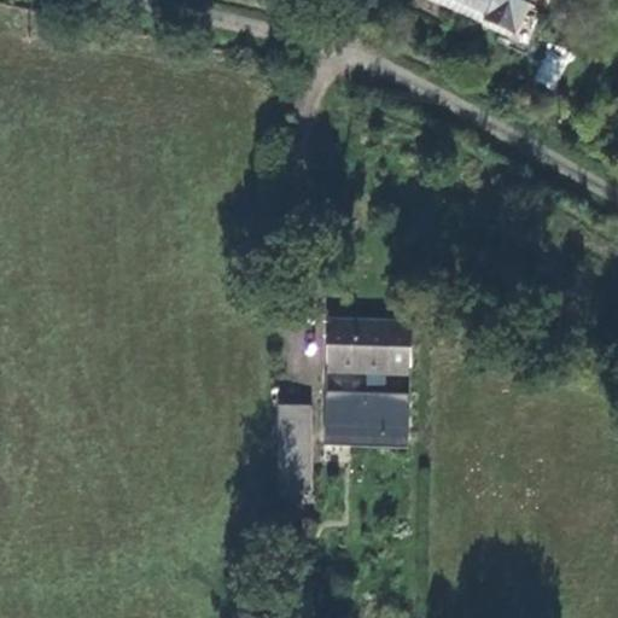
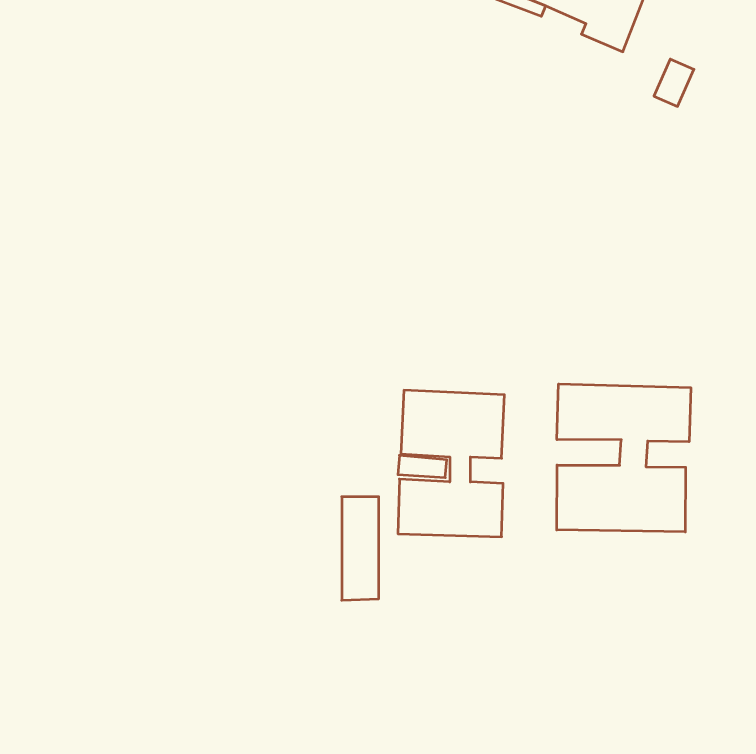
building: none -> [557,384,691,532]

